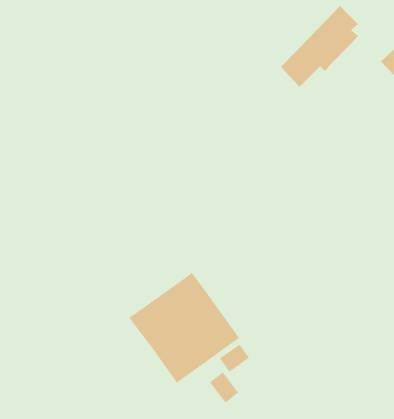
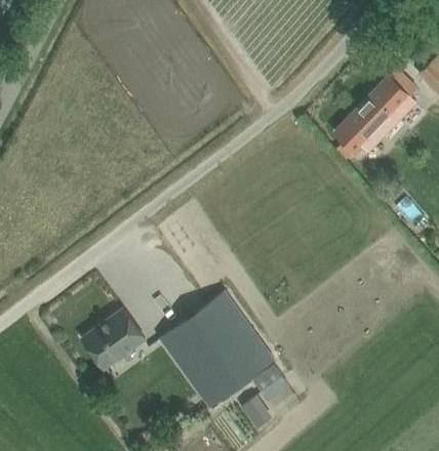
building: [280,5,359,88] -> [335,70,416,155]
building: none -> [83,311,146,370]

